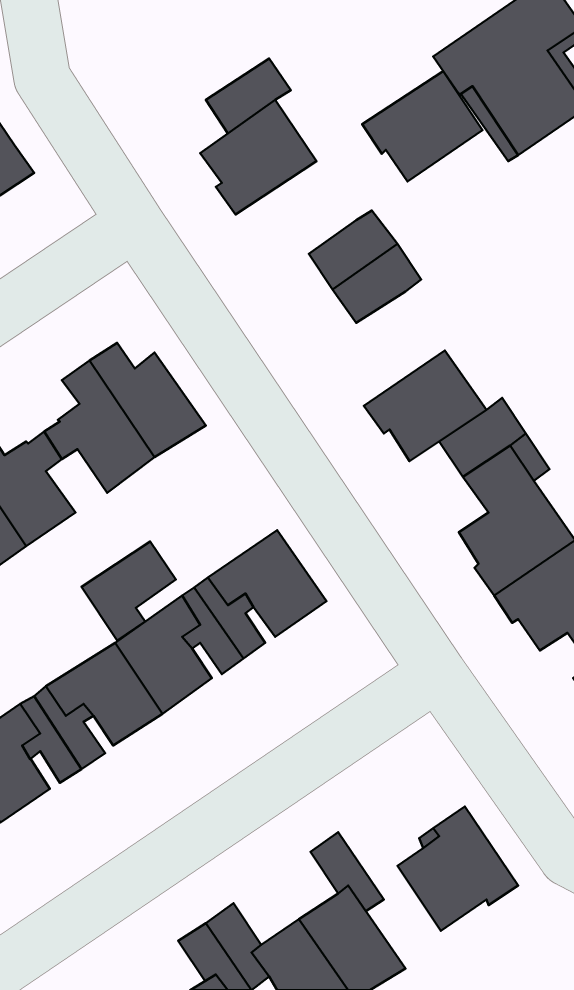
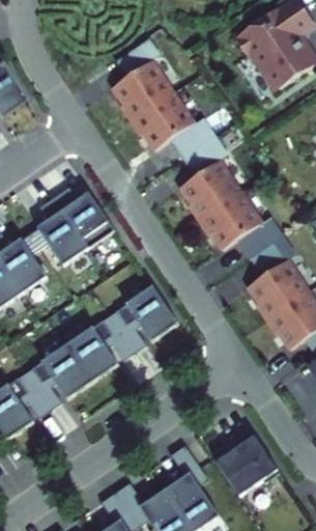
building: [362,71,483,182] -> [131,91,194,149]
building: none -> [179,160,240,220]
building: [82,542,176,641] -> none

